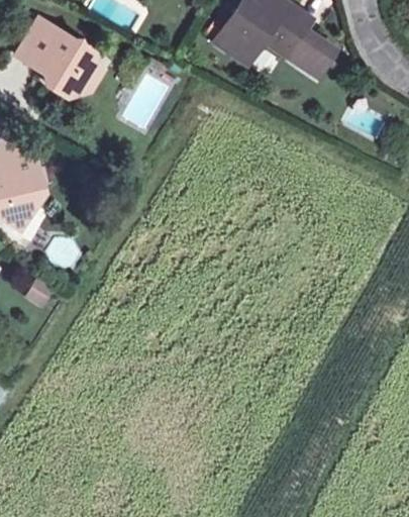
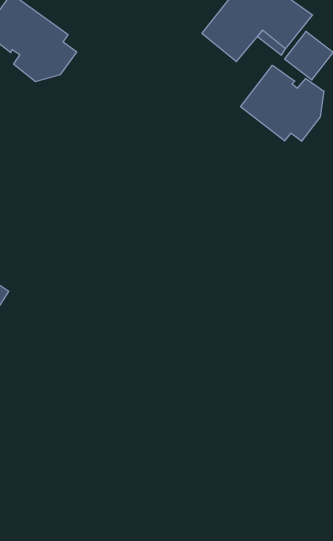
building: none -> [241,65,324,141]

